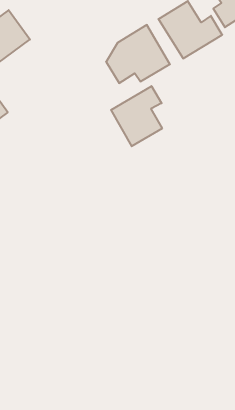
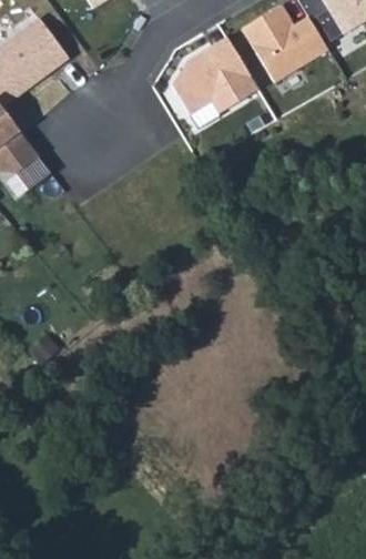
building: [111,86,162,146] -> none

